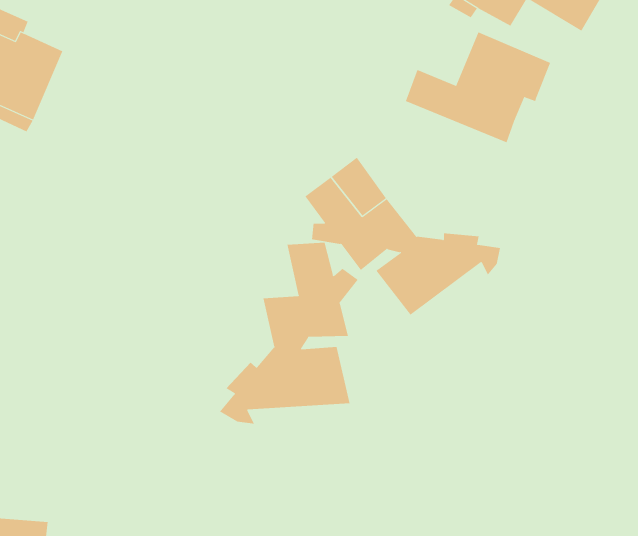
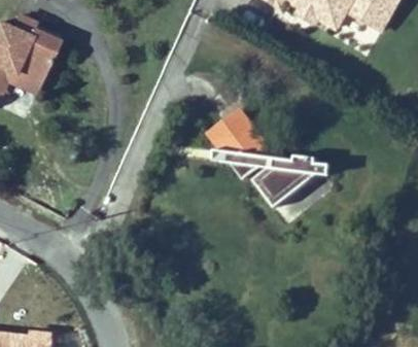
building: [405,31,551,143] -> none
building: [219,242,359,425] -> none

